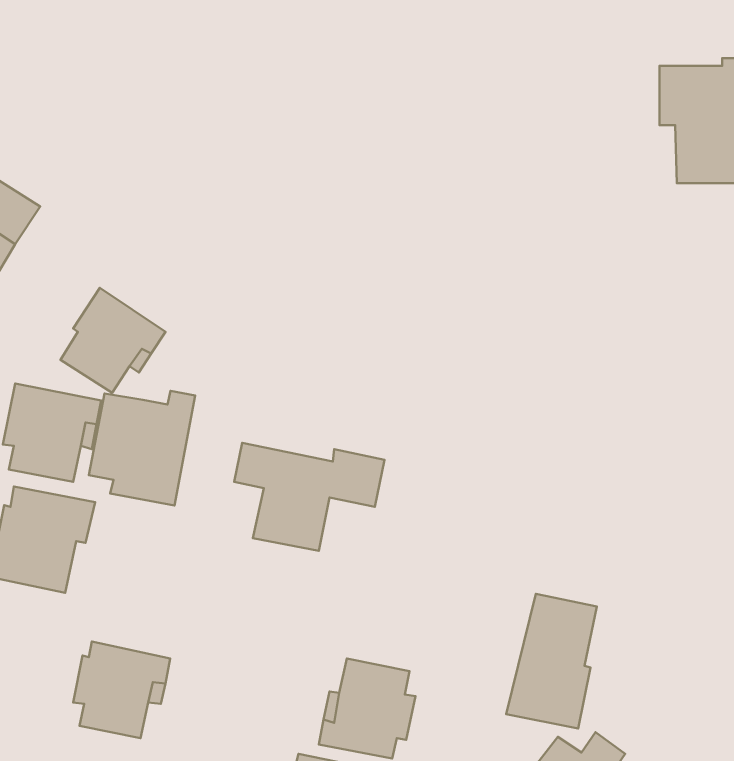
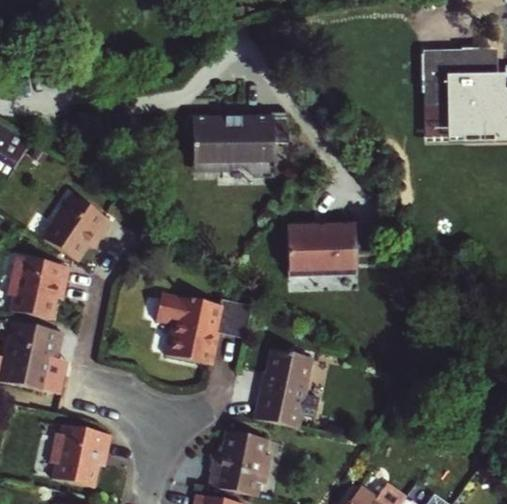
building: none -> [183,116,290,186]
building: none -> [284,220,373,279]
building: [89,391,195,505] -> none
building: [506,594,597,728] -> [255,339,313,425]

